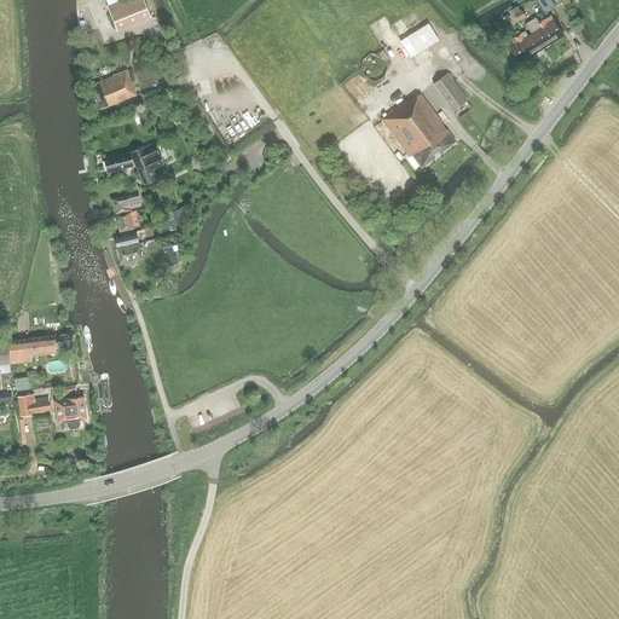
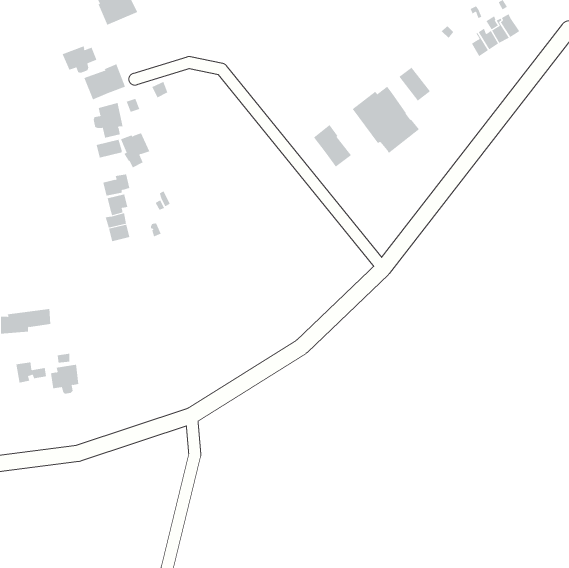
building: [400,23,439,57] -> none
building: none -> [62,45,97,73]
building: none -> [93,102,123,139]
building: none -> [313,124,352,167]

